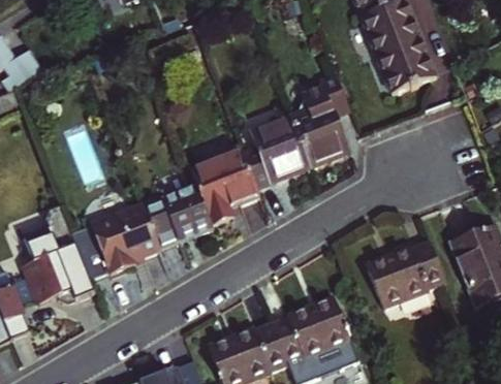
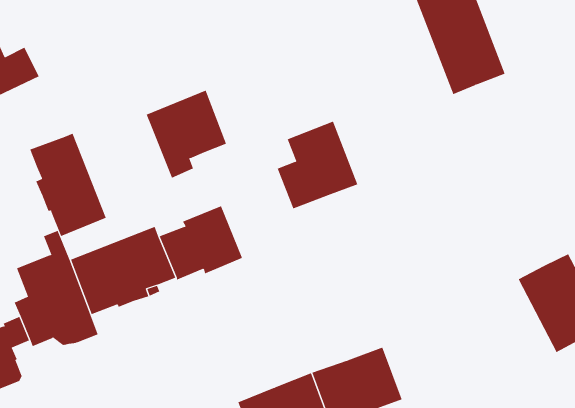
building: [290,73,348,165] -> none
building: none -> [30,133,106,237]
building: [192,152,260,226] -> [146,90,227,178]
building: [366,242,447,312] -> none

